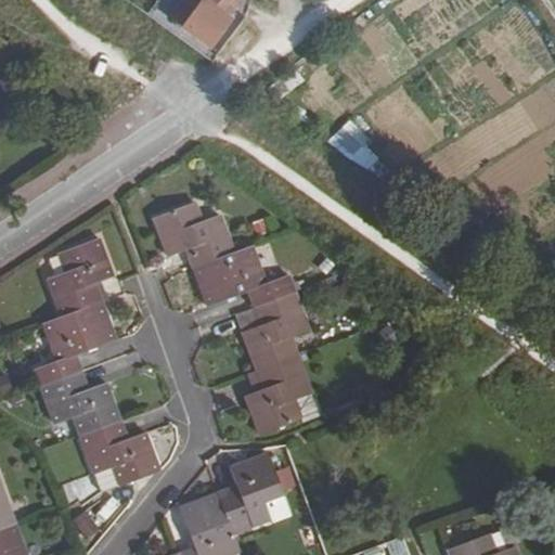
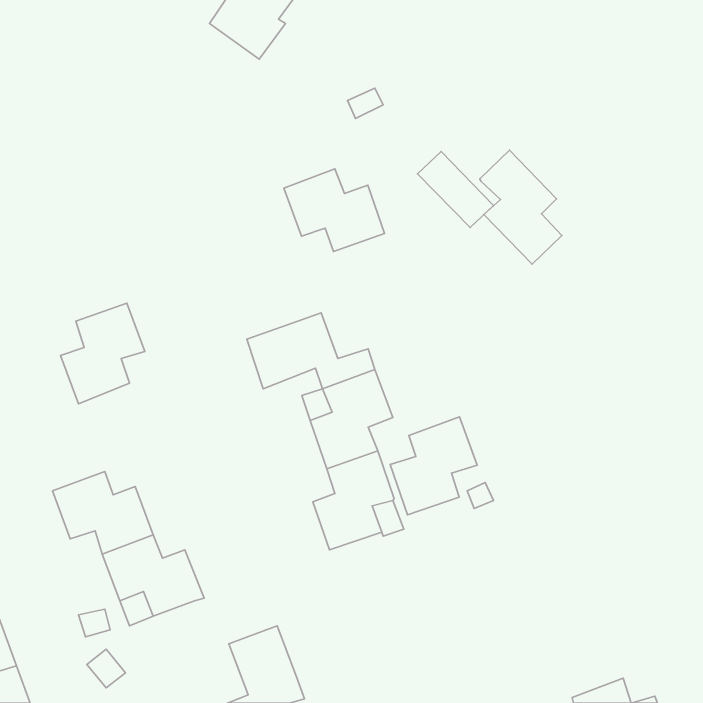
building: none -> [480,150,562,264]
building: [155,202,234,267] -> [284,169,384,251]
building: [36,301,116,386] -> none
building: none -> [390,417,477,515]
building: [218,452,283,532] -> none

